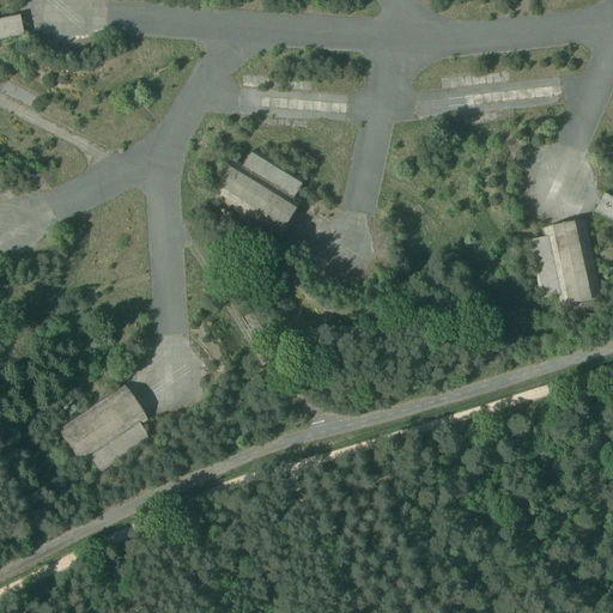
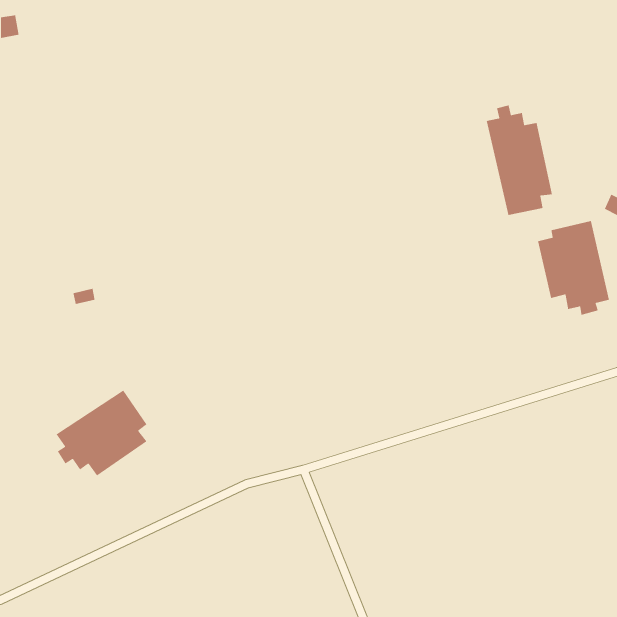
building: none -> [486,104,553,216]
building: [210,147,305,235] -> none

